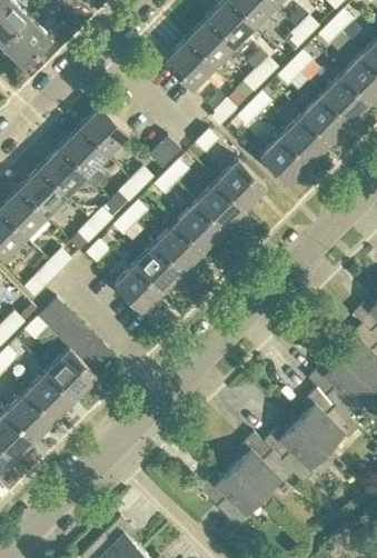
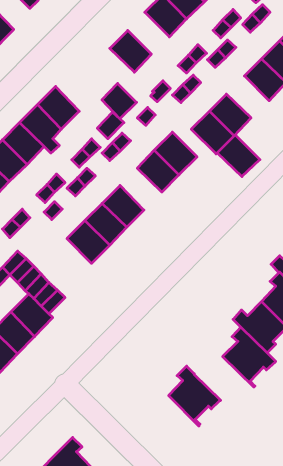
building: [185,20,234,69] -> none
building: [300,94,350,143] -> [217,135,260,177]
building: none -> [102,83,137,119]
building: [176,202,225,251] -> none
building: [262,422,333,484] -> none
building: [199,468,268,529] -> none

